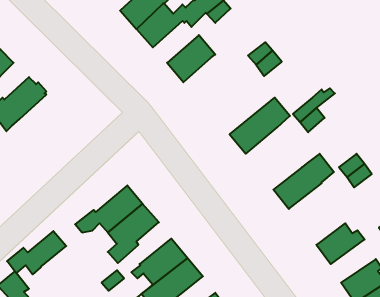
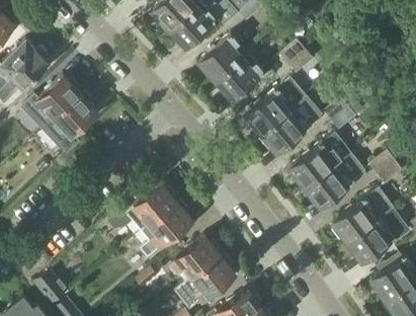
building: none -> [217,55,264,100]
building: none -> [246,79,307,134]
building: none -> [41,94,97,152]
building: none -> [289,134,351,189]
building: none -> [332,188,395,244]
building: [7,231,66,274] -> none

